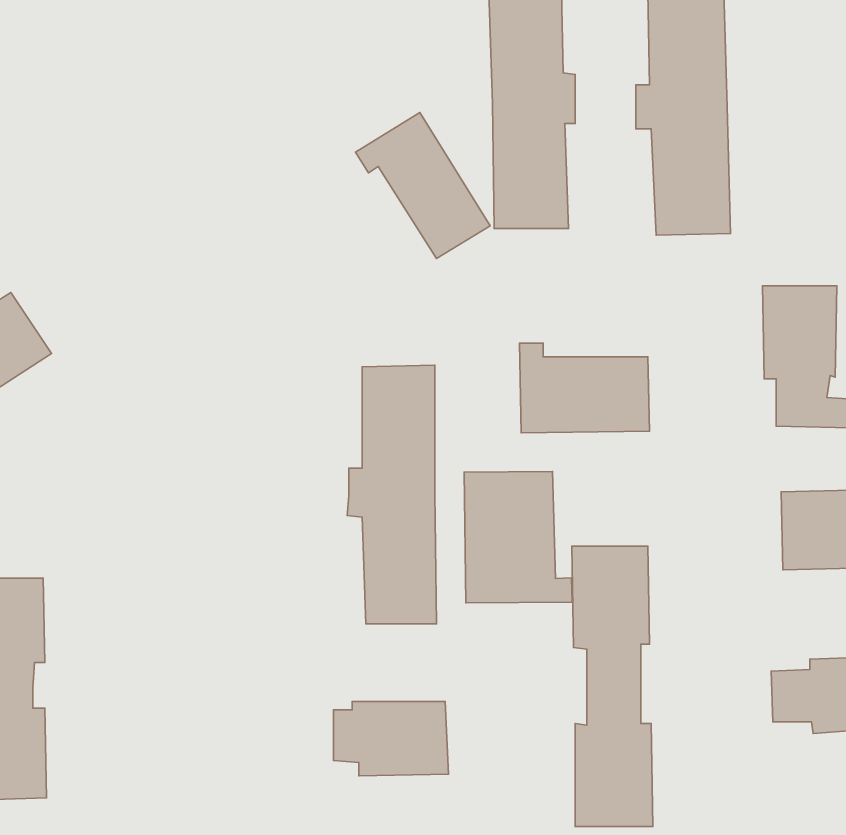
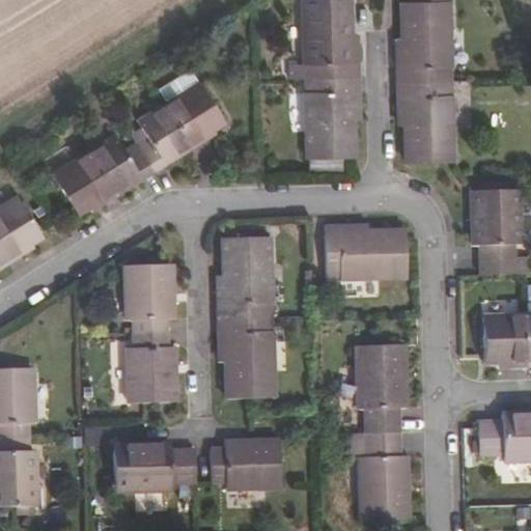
building: none -> [51,78,222,208]
building: [355,113,490,258] -> none
building: none -> [127,263,173,400]
building: [464,472,572,603] -> none
building: none -> [114,446,196,492]

